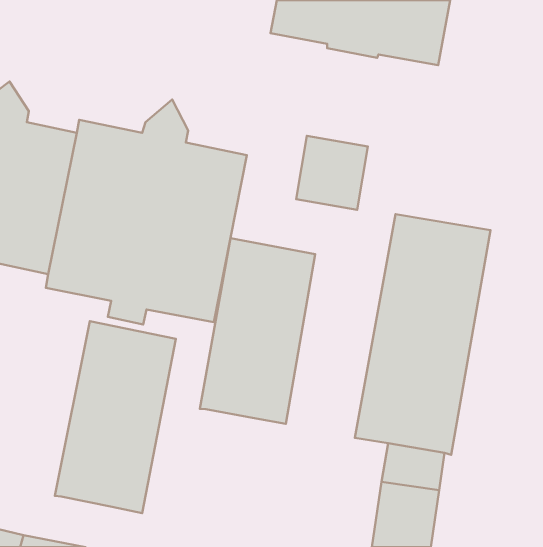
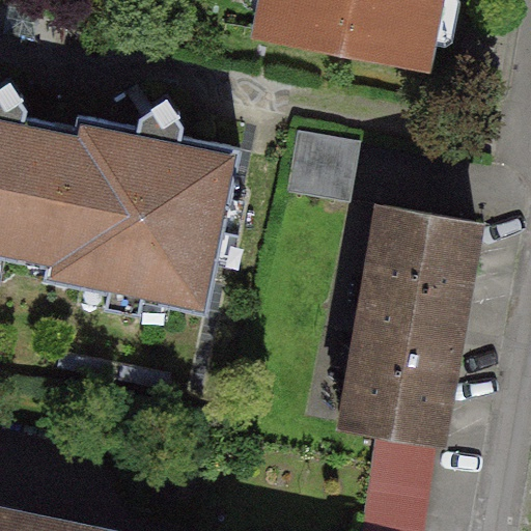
building: [200,238,315,424] -> none
building: [55,321,176,513] -> none

